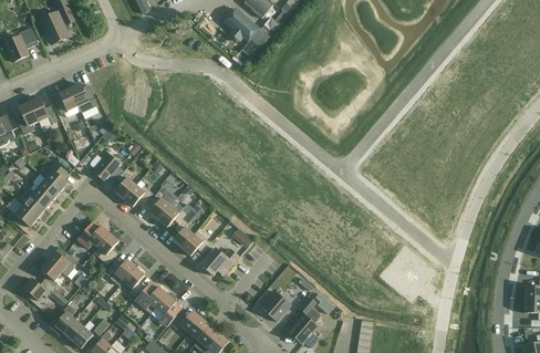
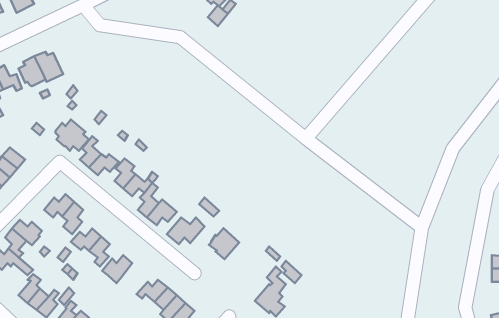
building: [41,160,69,190] -> none
building: [260,290,290,321] -> [209,228,239,259]
building: [155,293,181,326] -> none

